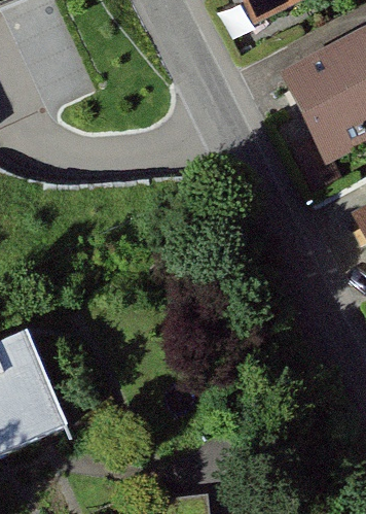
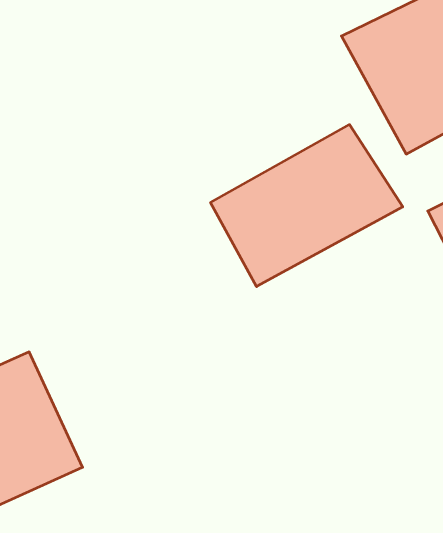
building: none -> [211,125,403,287]

